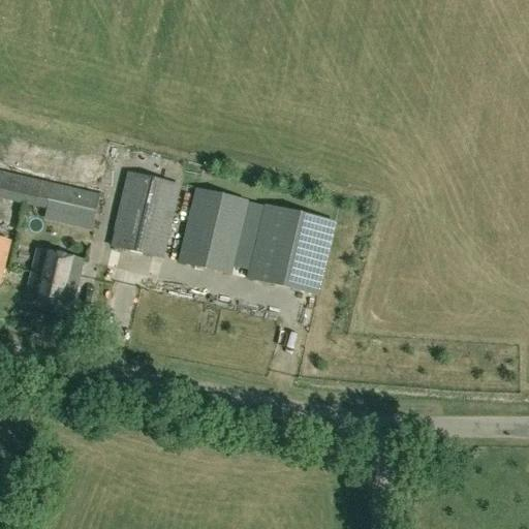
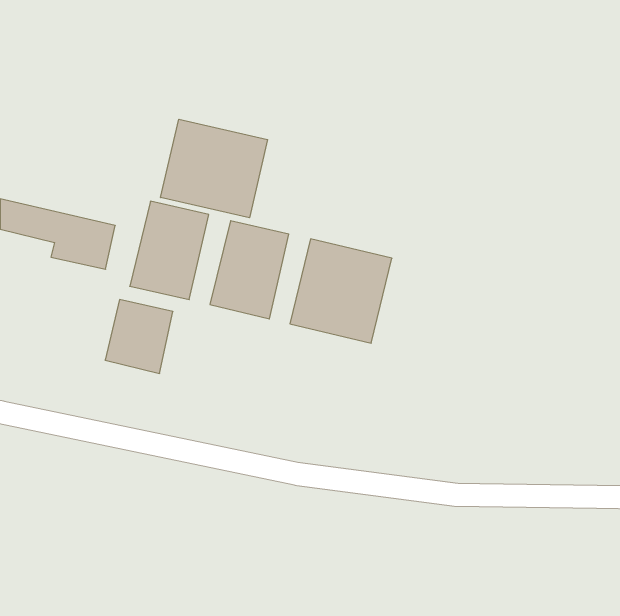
building: none -> [161,119,268,218]
building: [24,247,82,310] -> [105,300,173,373]

